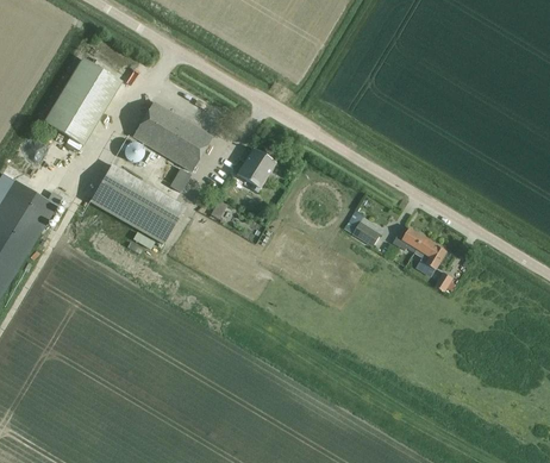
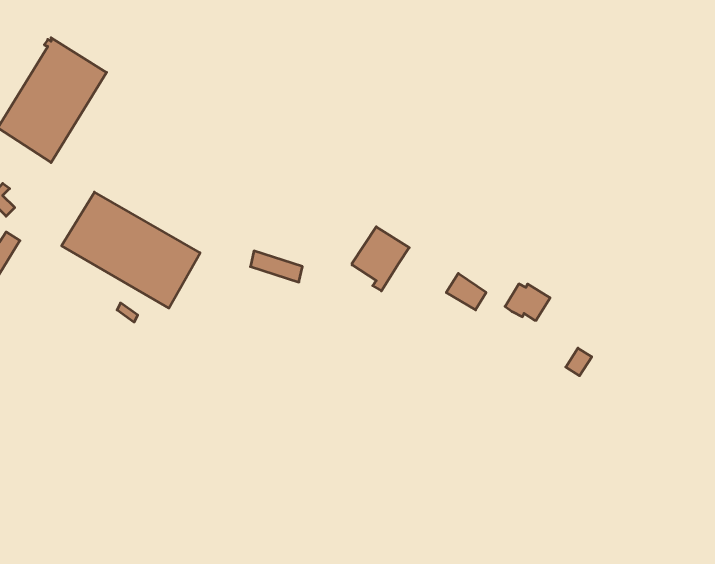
building: [132,101,213,171] -> none
building: [237,148,276,192] -> [352,227,409,291]
building: [415,237,448,269] -> none

